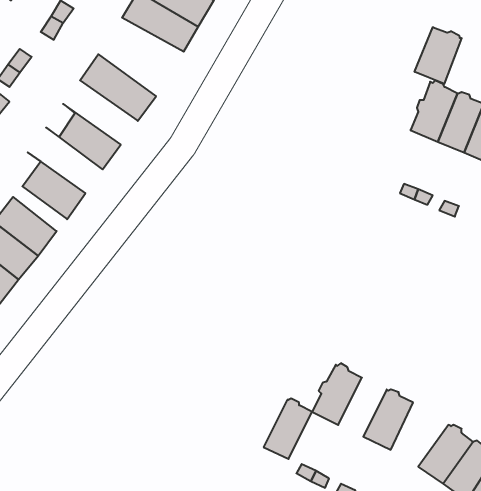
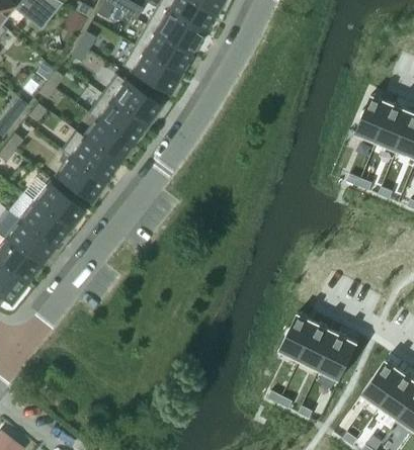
building: none -> [121,46,180,93]
building: [415,27,462,84] -> none
building: none -> [87,94,145,144]
building: none -> [60,130,117,181]
building: [264,399,312,459] -> [300,323,337,369]

